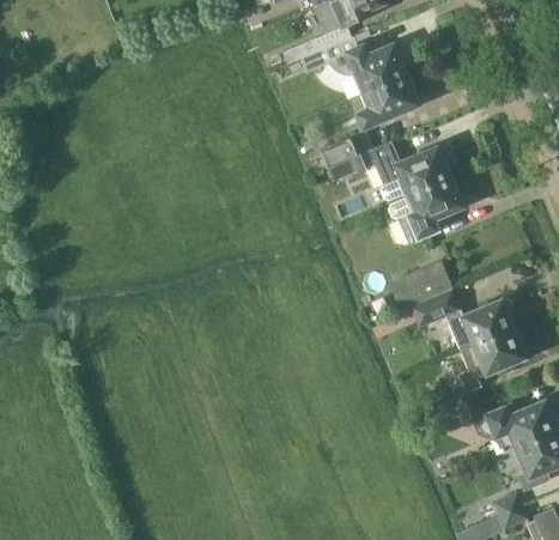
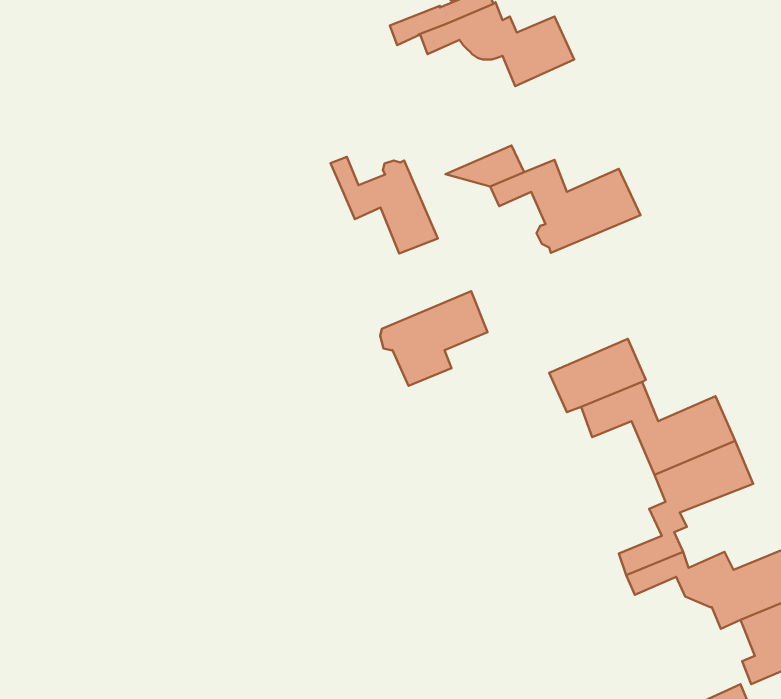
building: [359,73,419,125] -> none
building: none -> [331,157,438,253]
building: [390,177,462,241] -> [380,291,487,386]

